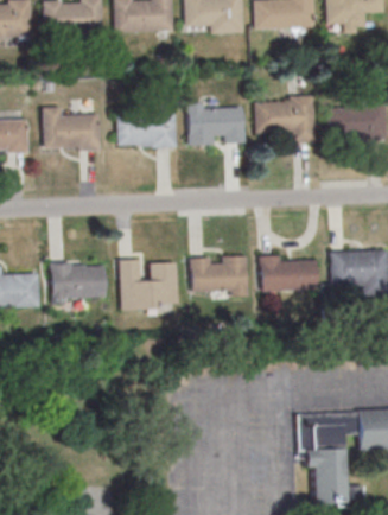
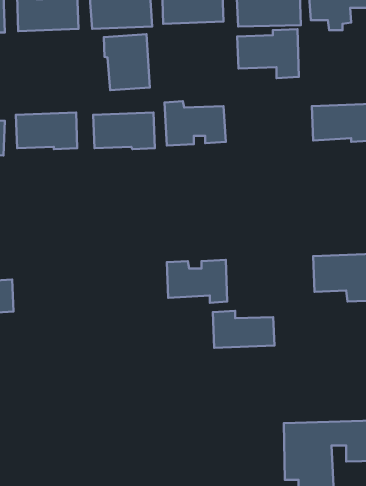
building: none -> [104,34,150,90]
building: [255,95,314,142] -> [237,29,299,78]
building: [257,254,317,290] -> [213,311,274,348]
building: [117,259,177,310] -> none
building: [49,261,104,304] -> none

